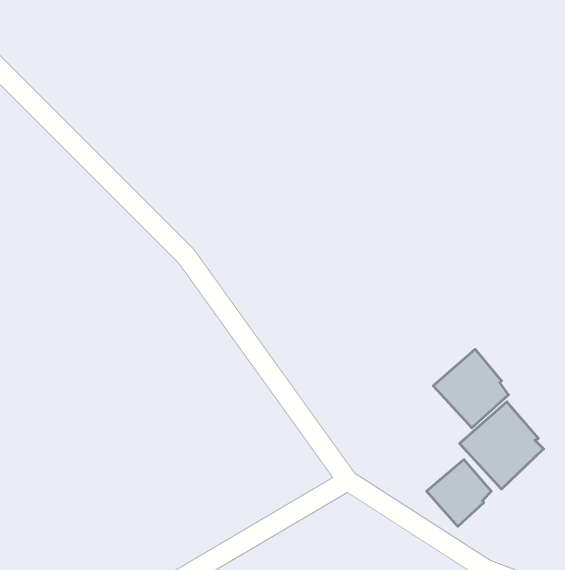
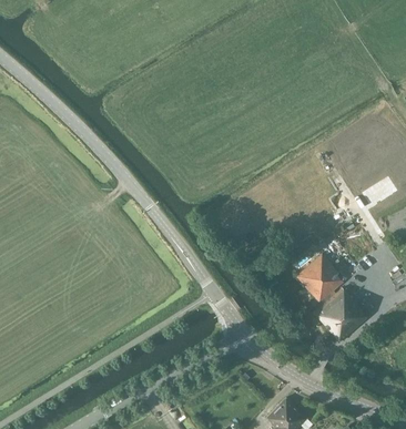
building: [427,460,491,526] -> none

